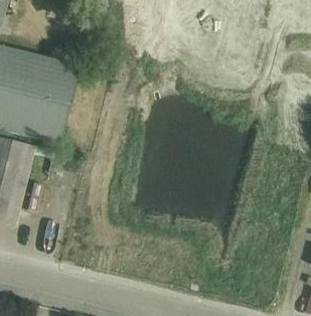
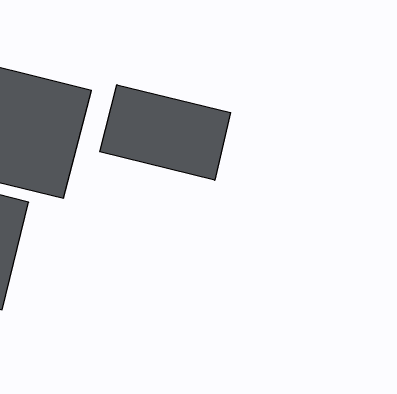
building: none -> [100,85,231,180]

